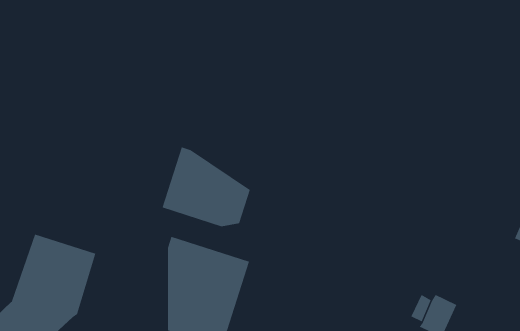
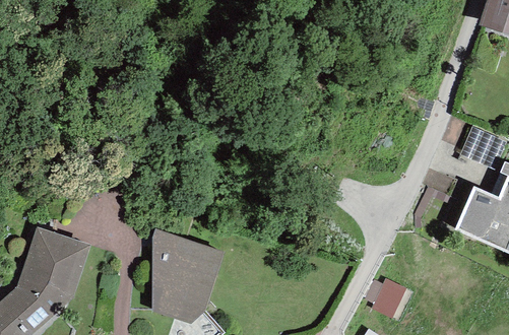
building: [162,146,251,227] -> none

